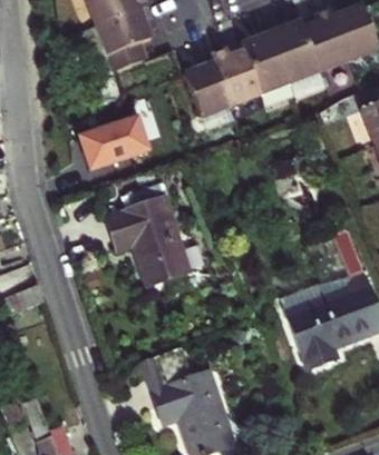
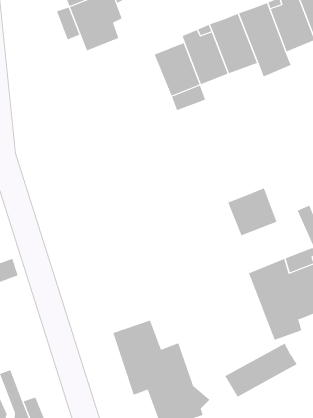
building: [79,116,148,169] -> none
building: [105,197,188,285] -> none
building: none -> [227,187,277,236]
building: none -> [225,343,298,397]

